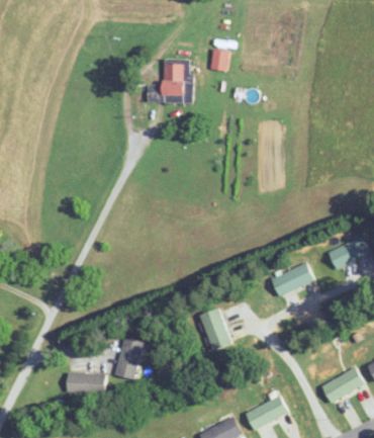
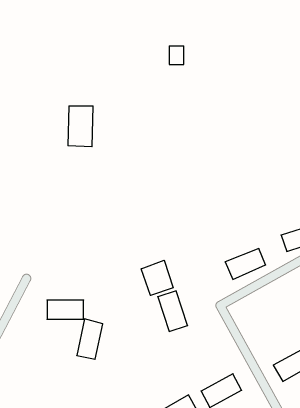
building: [162,60,188,102] -> [68,106,93,147]
building: none -> [141,260,173,295]
building: [67,372,105,392] -> [47,300,84,319]

